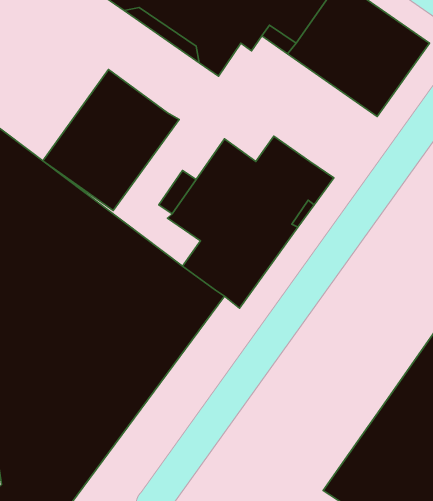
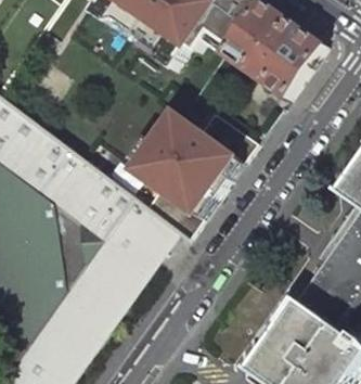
building: [43,70,179,211] -> none

